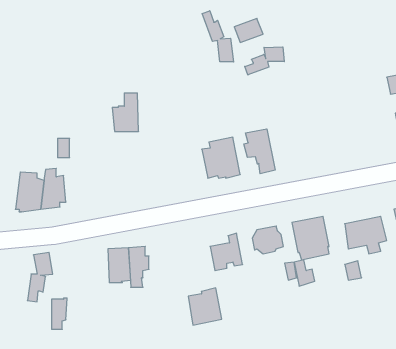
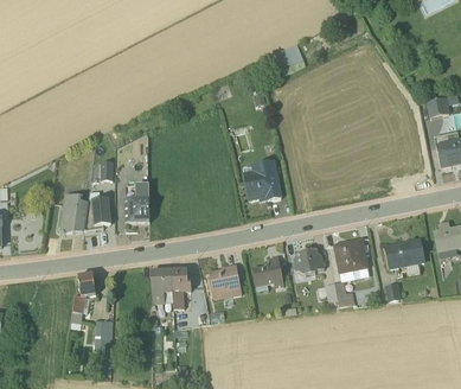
building: [202,11,234,62] -> none
building: [245,47,284,75] -> none
building: [112,93,139,131] -> [123,183,149,221]
building: [244,129,275,174] -> none
building: [188,288,222,325] -> [209,262,242,299]

